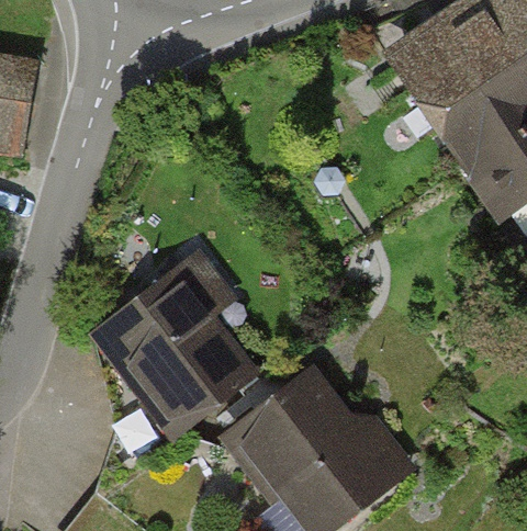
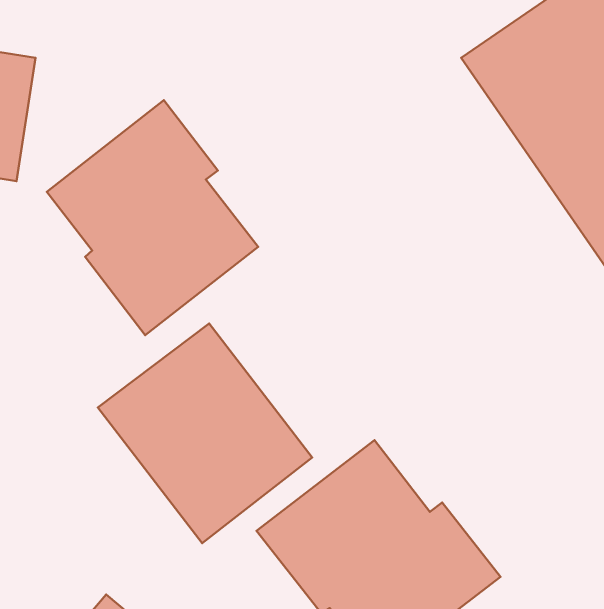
building: none -> [47,100,258,335]

